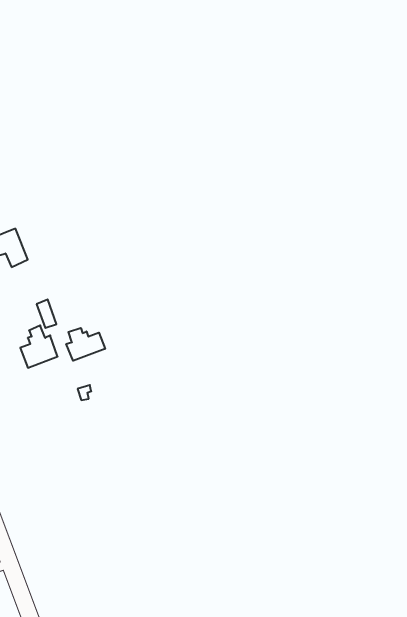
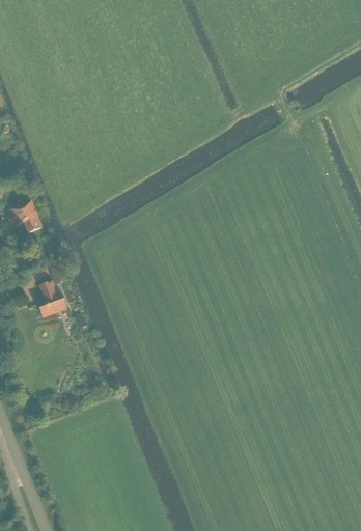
building: [66,328,105,361] -> none

